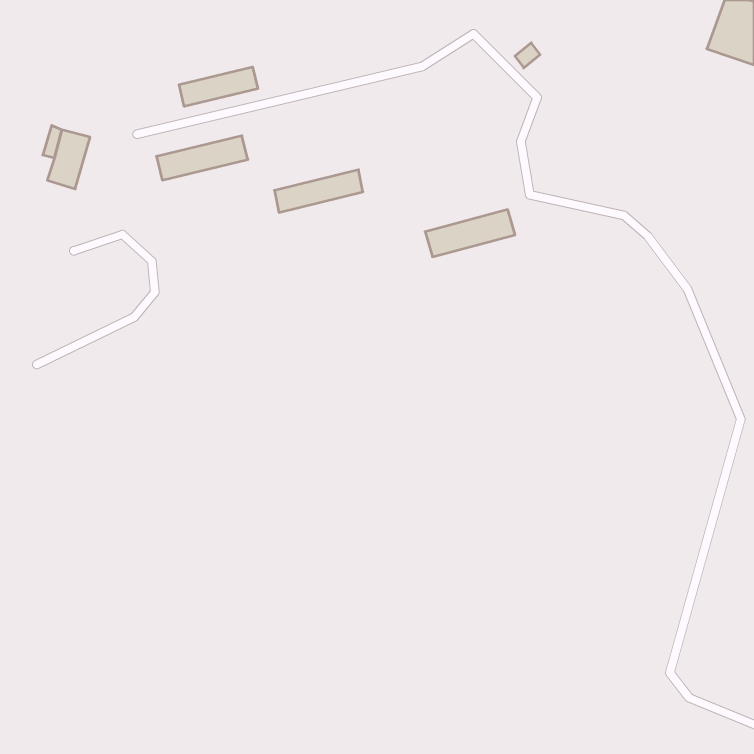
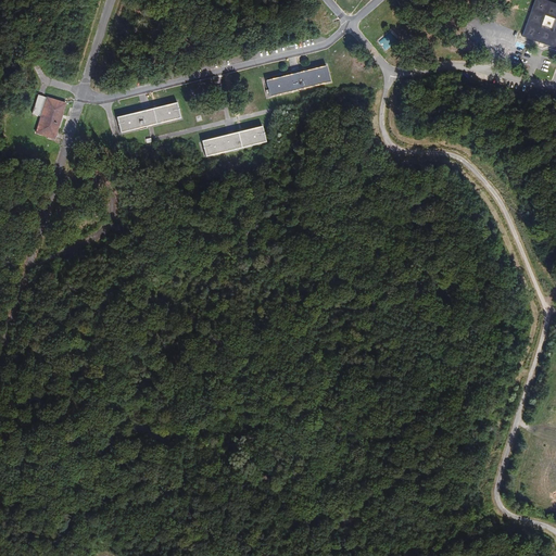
building: [179,67,258,106] -> none
building: [425,210,515,257] -> [265,62,331,97]

